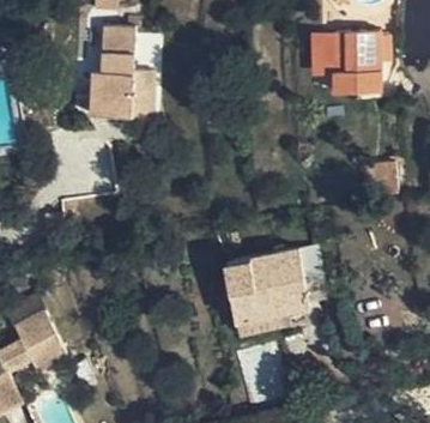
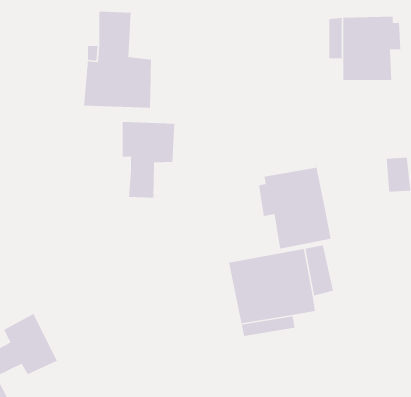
building: none -> [122,121,175,198]
building: none -> [258,167,332,250]

